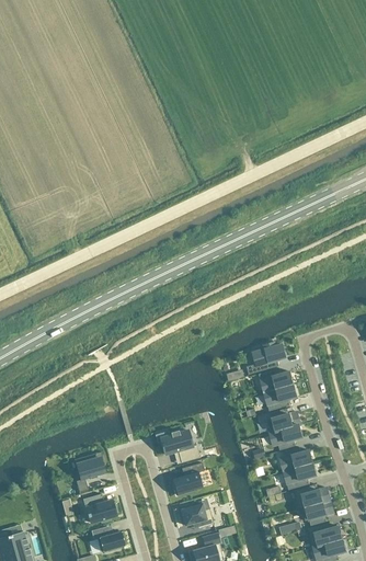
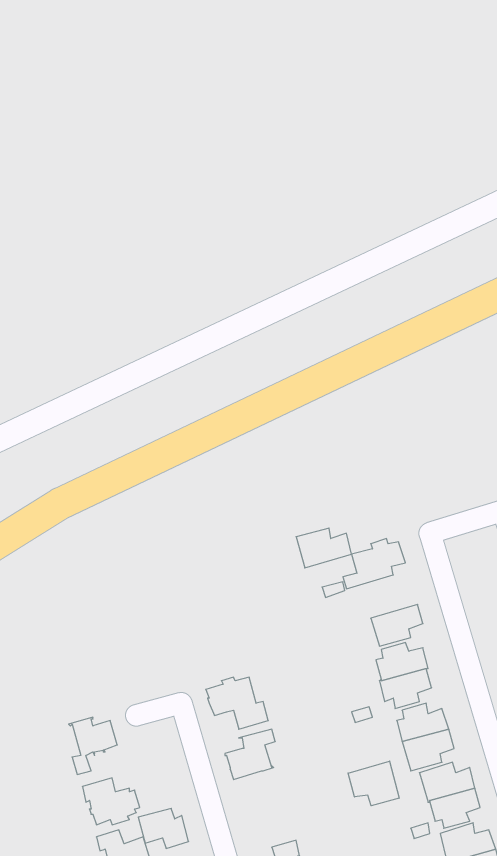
building: [259,367,294,392] -> [296,528,352,568]
building: none -> [348,761,399,806]
building: [181,503,213,528] -> [138,808,189,848]

